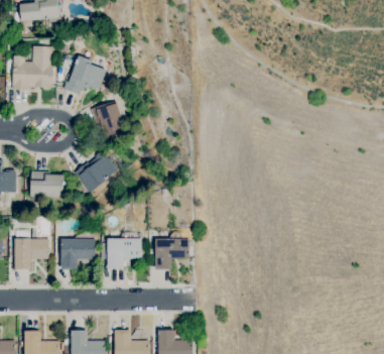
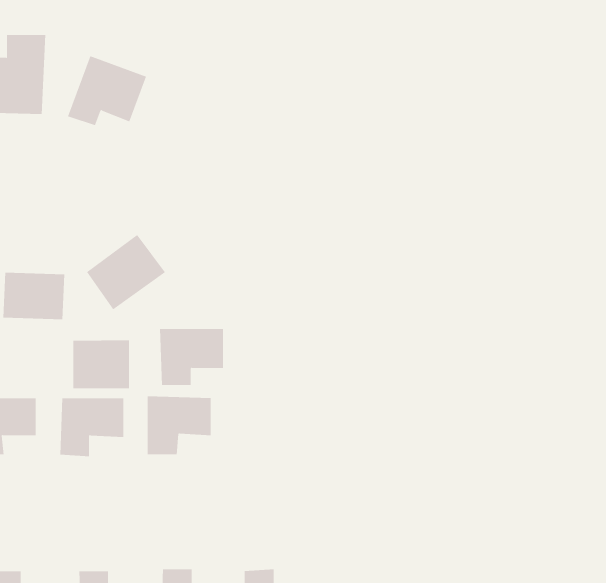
building: [91,102,125,140] -> none
building: none -> [73,340,130,389]
building: [154,239,188,269] -> [159,328,224,386]

